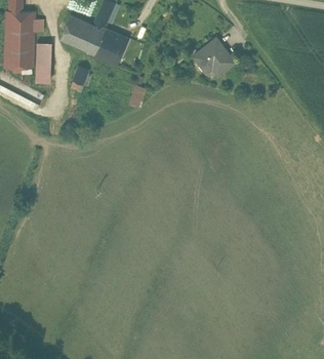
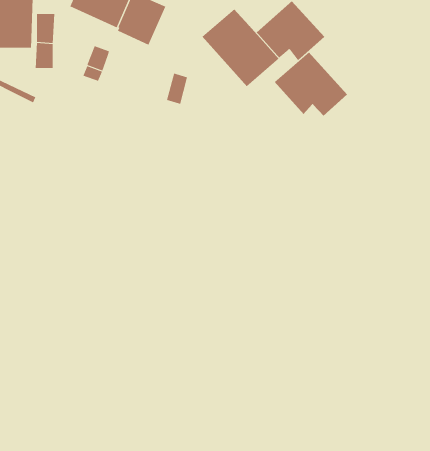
building: none -> [202,8,280,87]
building: none -> [274,52,348,117]

